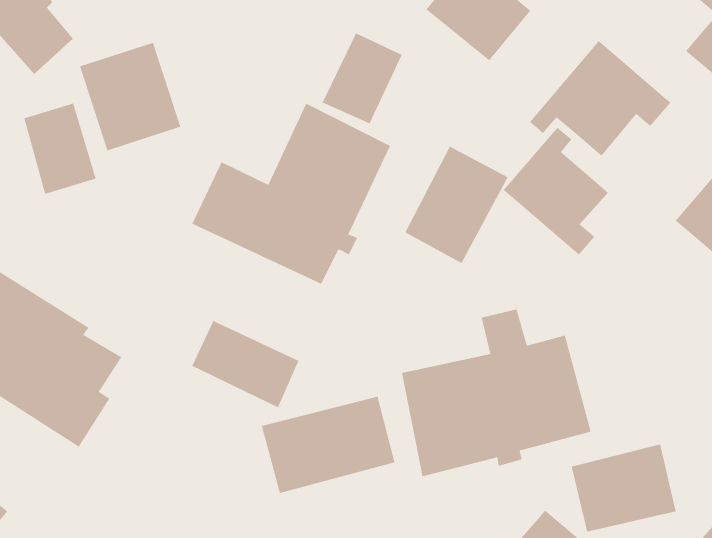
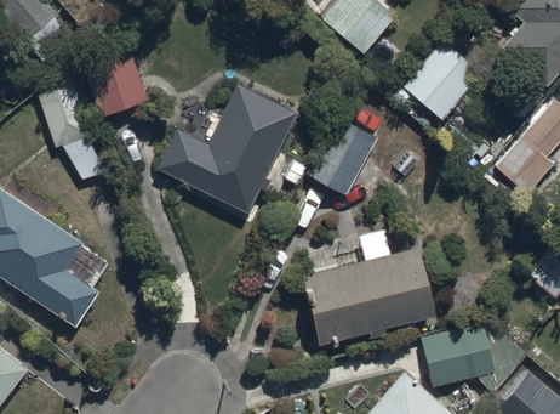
building: [322,32,402,124] -> none
building: [503,127,609,256] -> none
building: [191,320,299,408] -> none
building: [261,396,395,494] -> none

